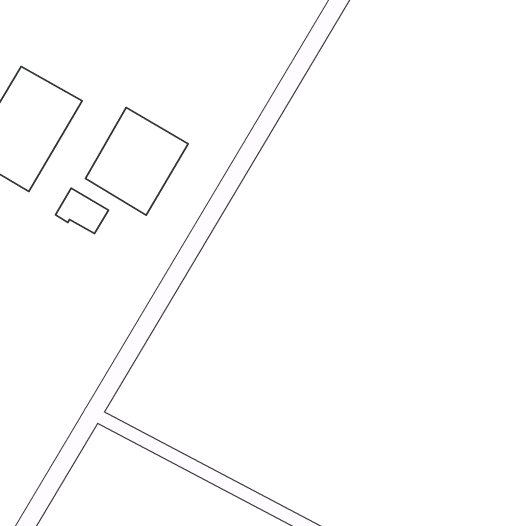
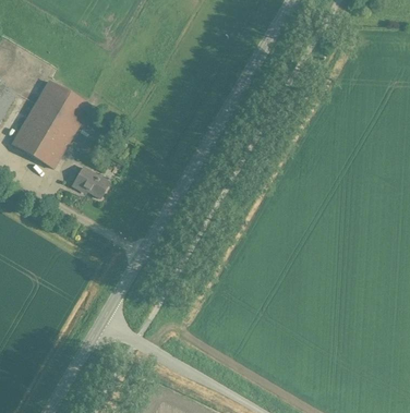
building: [85,108,188,215] -> none

